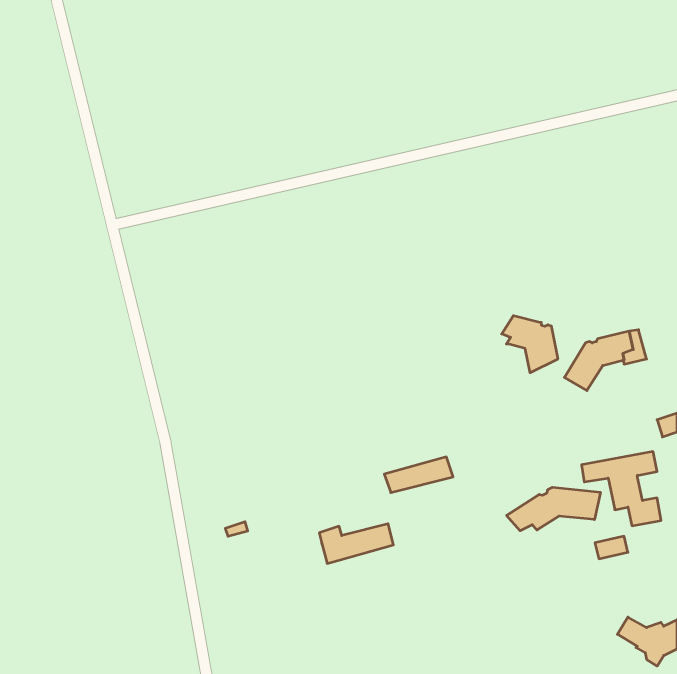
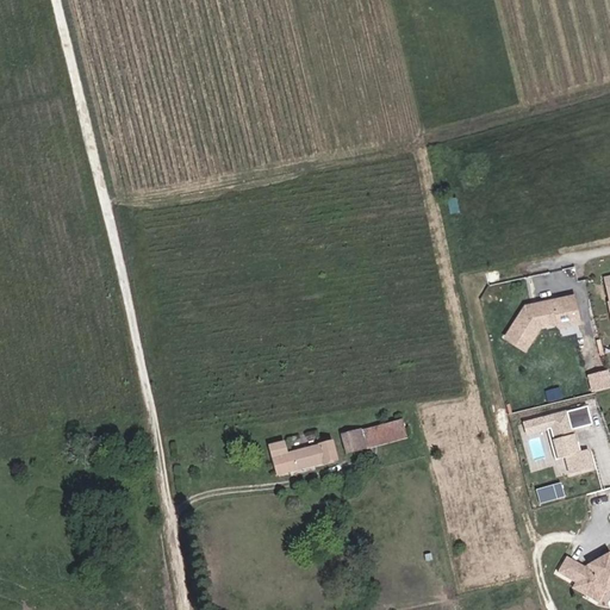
building: [502,316,558,373] -> none
building: [507,487,600,531] -> none
building: [319,524,393,563] -> [270,435,337,471]

